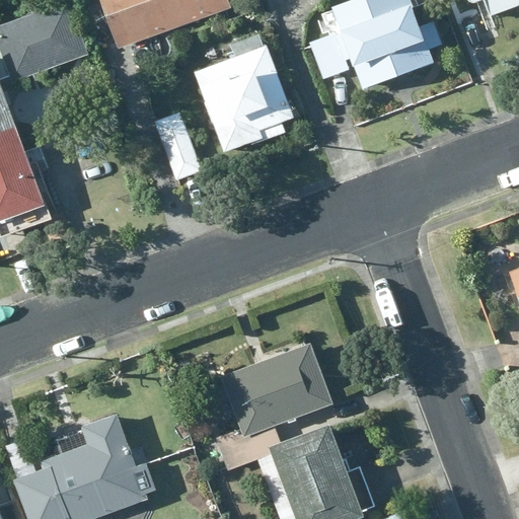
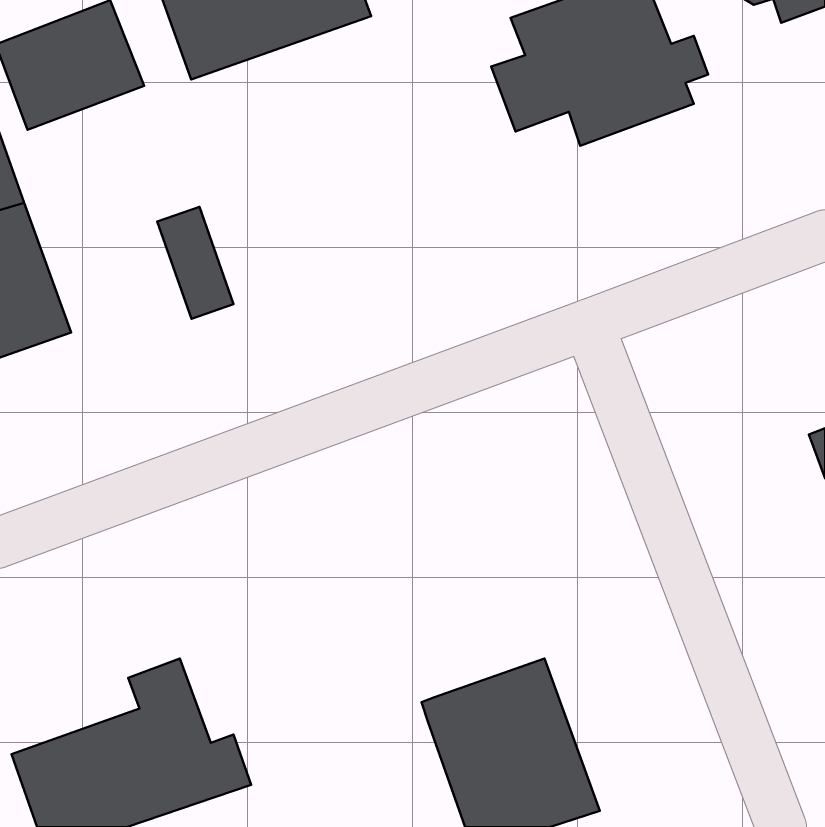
building: [192,46,294,157] -> none
building: [152,113,200,182] -> [157,207,234,319]
building: [214,346,331,468] -> none

